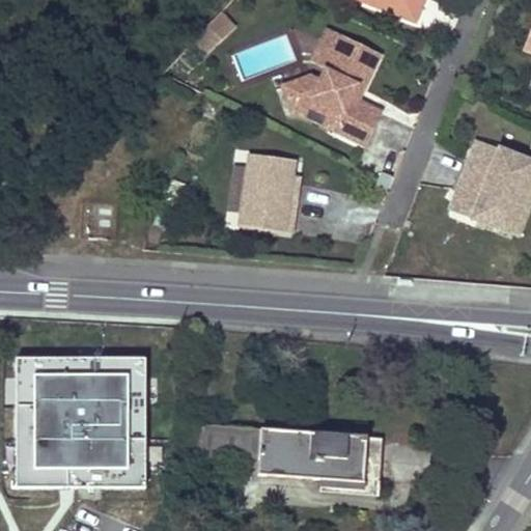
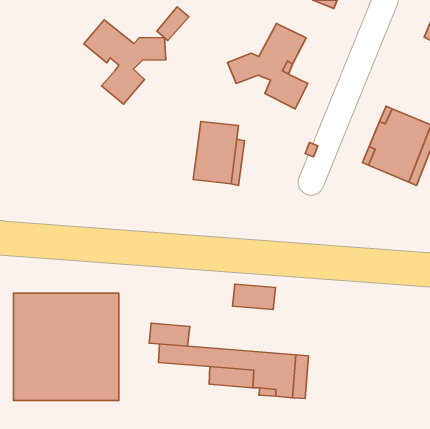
building: none -> [84,20,166,104]
building: none -> [233,284,275,309]
building: none -> [149,323,190,346]

